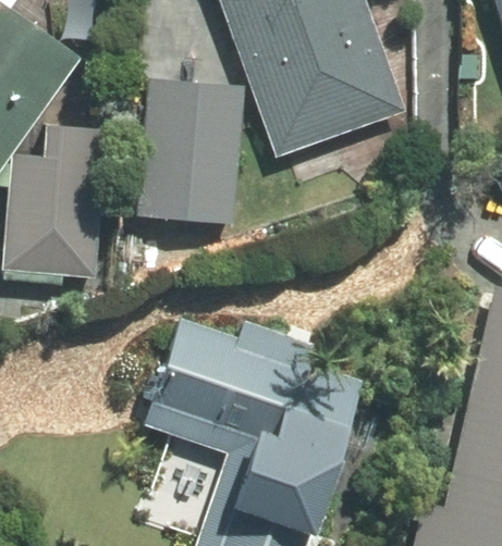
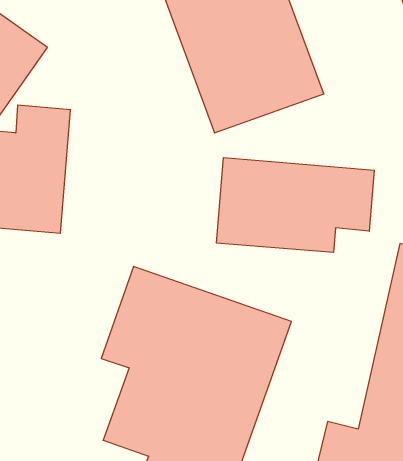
building: [138,80,243,224] -> none
building: none -> [217,158,374,252]

